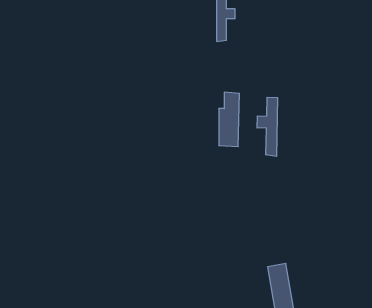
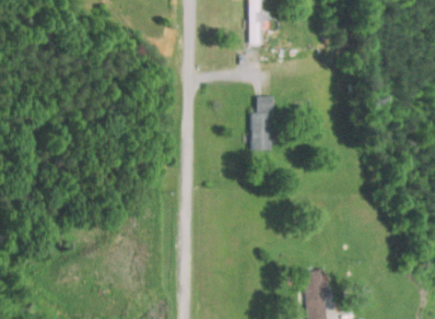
building: [257,97,278,156] -> none

